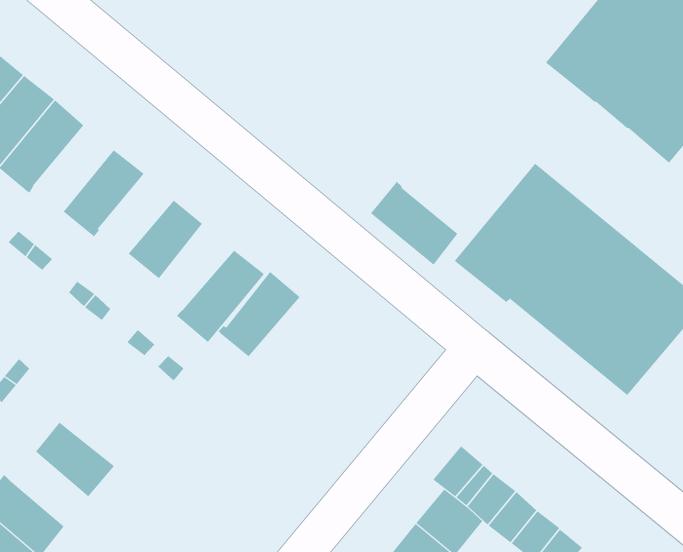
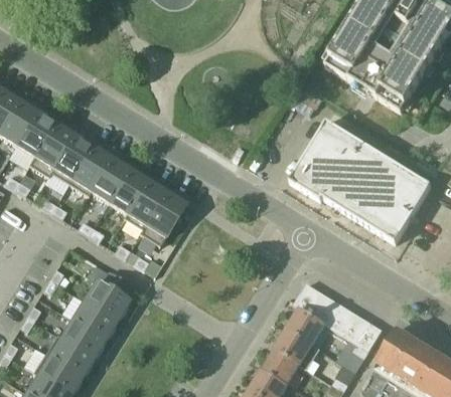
building: none -> [51,134,93,183]
building: none -> [91,156,130,201]
building: [370,181,458,266] -> none
building: [218,271,301,357] -> [124,179,167,228]
building: none -> [84,270,134,320]
building: none -> [61,318,106,357]

